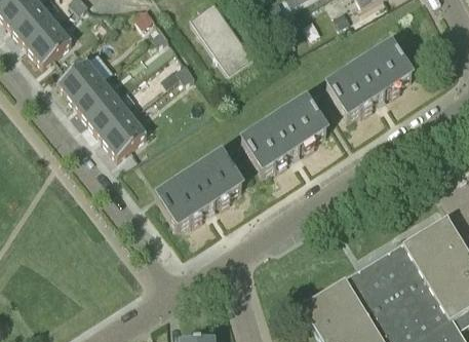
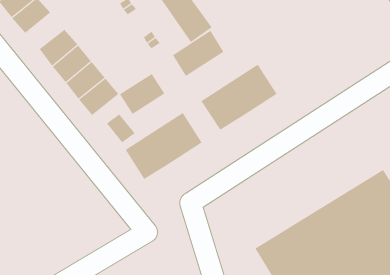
building: [325,42,412,116] -> none
building: none -> [172,30,224,77]
building: none -> [119,73,165,115]
building: none -> [106,113,135,143]

